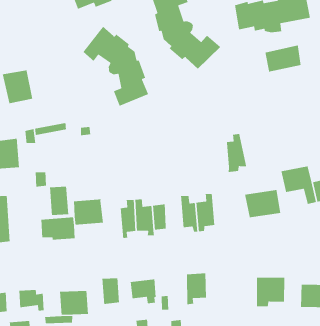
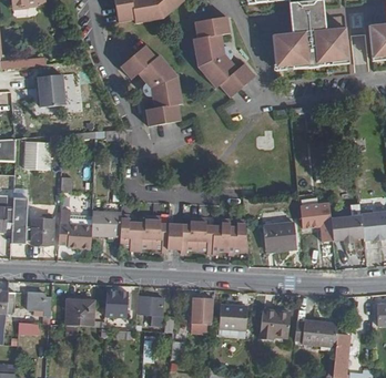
building: [264,45,302,73] -> none
building: [226,133,247,173] -> [227,219,247,257]
building: none -> [180,217,197,256]
building: none -> [118,214,136,254]
building: none -> [29,218,52,245]
building: none -> [220,304,247,329]

